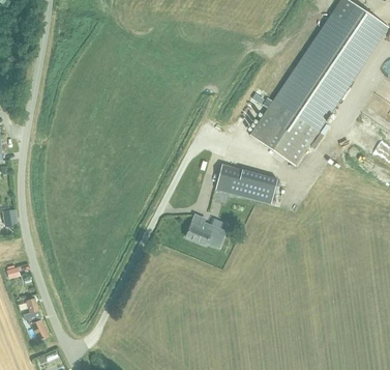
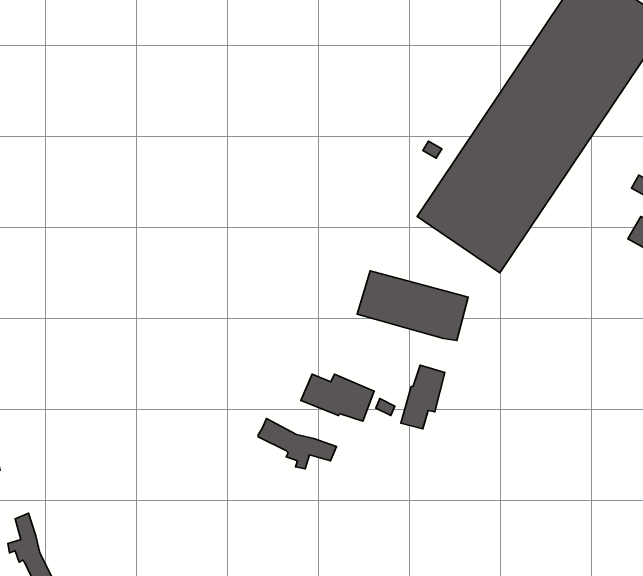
building: none -> [401,365,445,429]
building: none -> [258,419,337,469]

